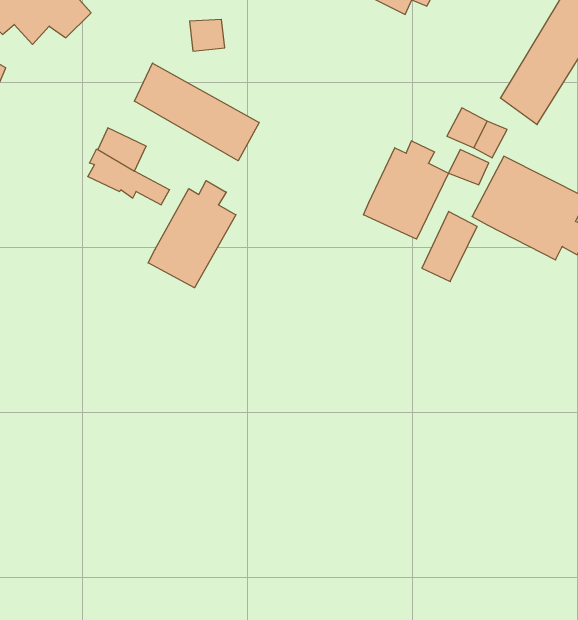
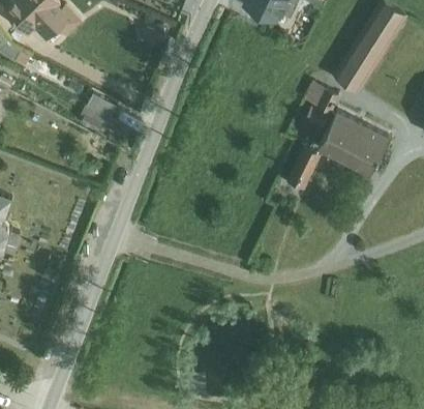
building: [134,63,259,161] -> none
building: [364,141,449,239] -> none
building: [148,181,236,288] -> none

